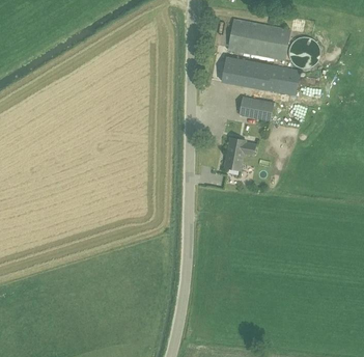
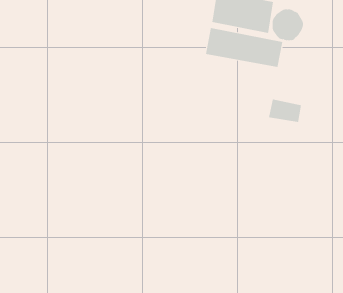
building: [239,97,273,120] -> [268,99,302,123]
building: [224,137,255,170] -> none

